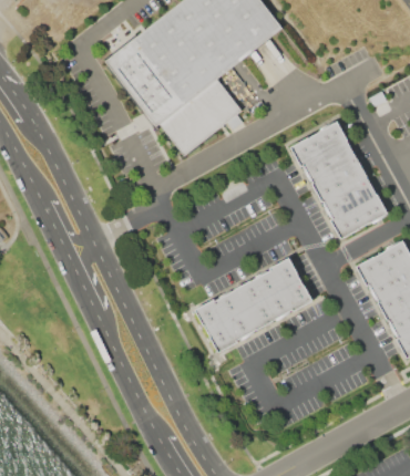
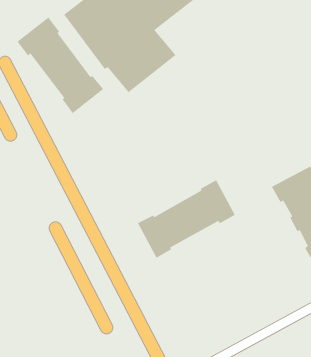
building: none -> [17,16,104,114]
building: [290,122,388,238] -> none

